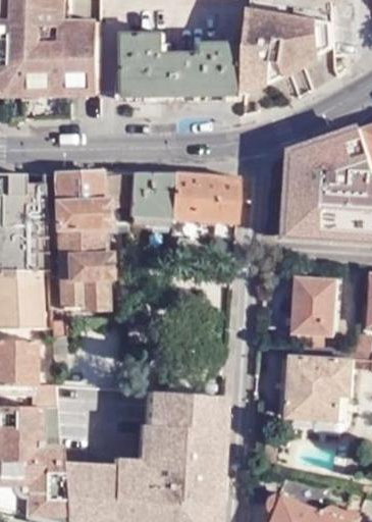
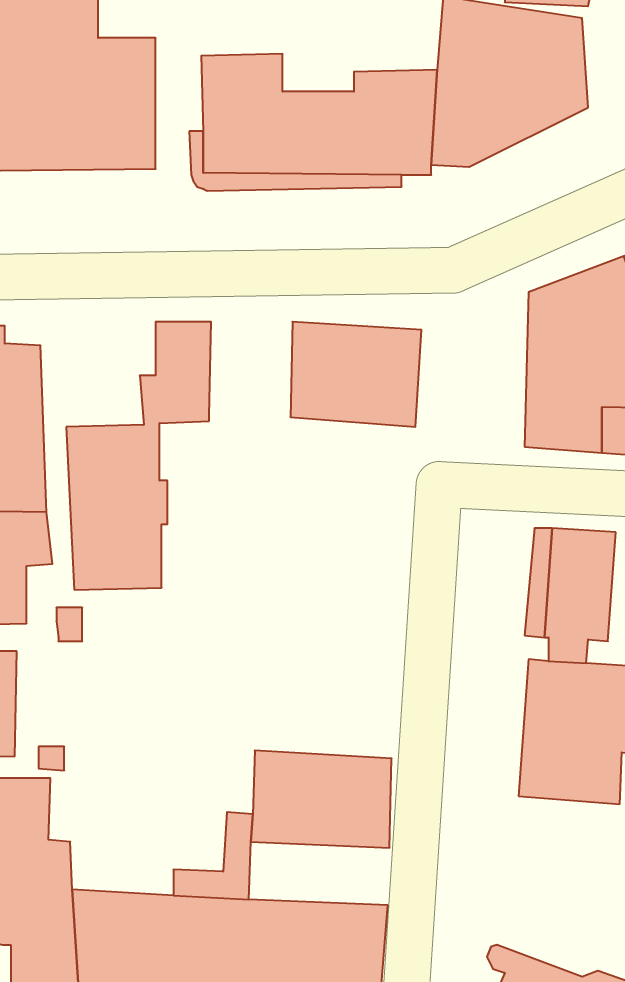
building: [51,170,99,224] -> none
building: [126,170,169,219] -> none
building: [147,437,219,470] -> none

